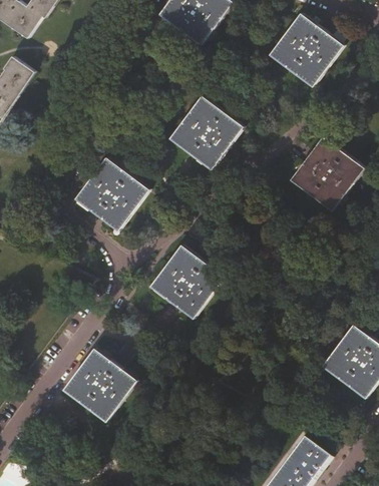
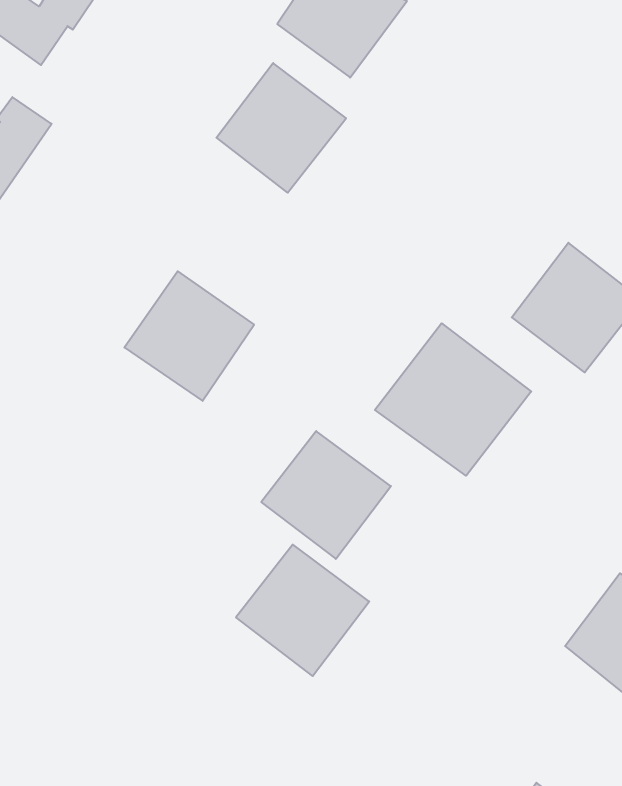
building: [269,12,340,84] -> none
building: [168,94,242,167] -> [216,63,346,193]
building: none -> [375,323,531,476]
building: [61,347,136,421] -> [236,545,369,676]

